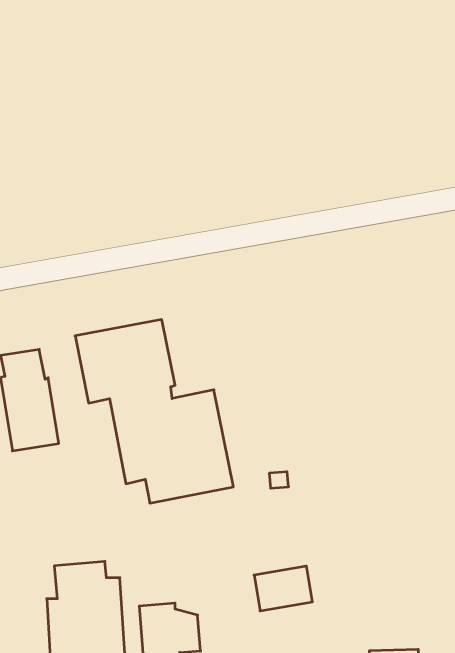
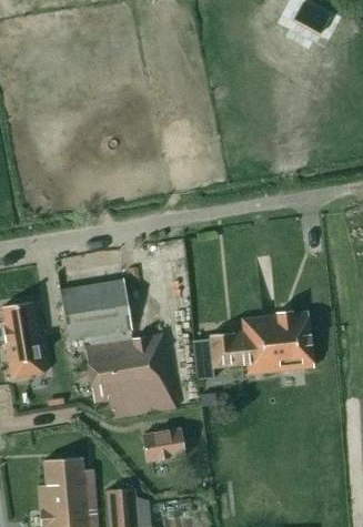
building: none -> [192,313,315,379]
building: [254,566,312,611] -> [143,427,186,460]

